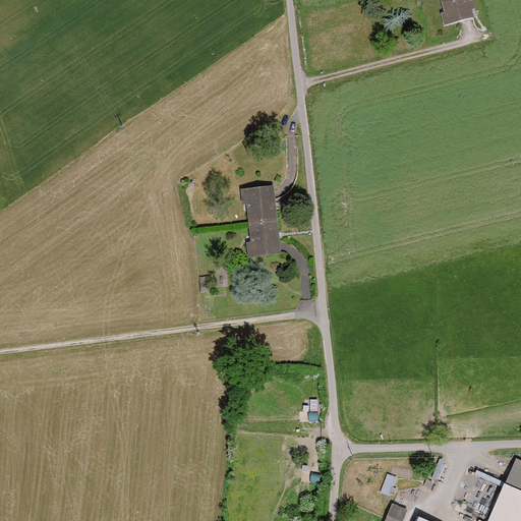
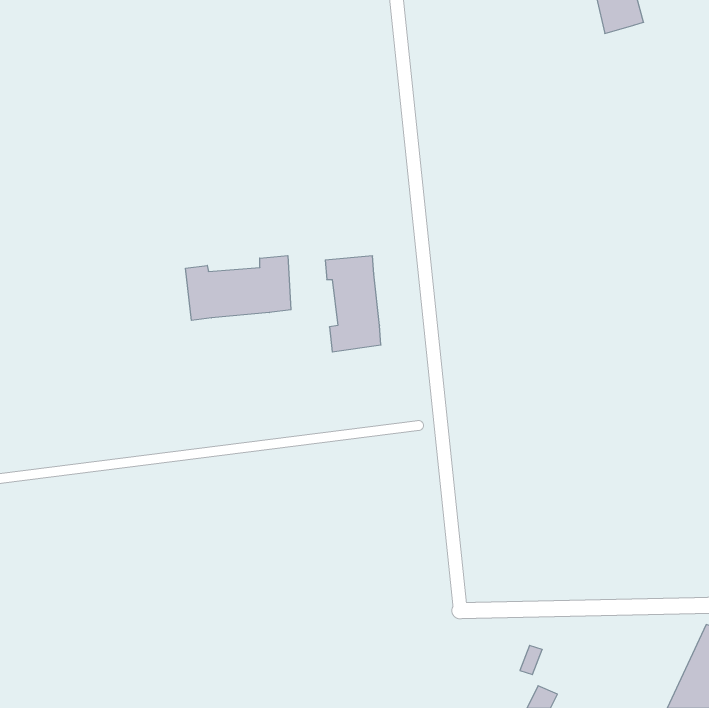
building: none -> [186,256,291,320]

